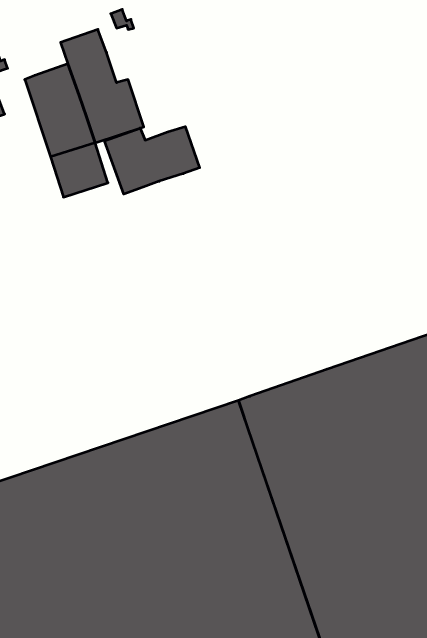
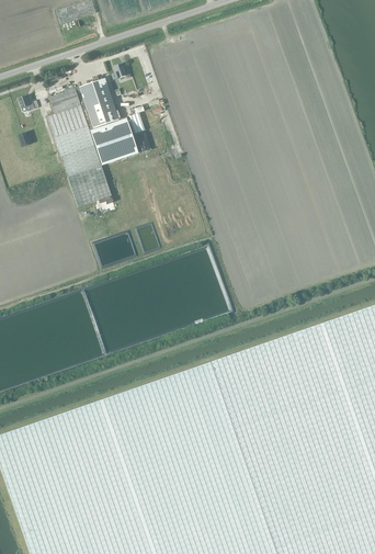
building: none -> [49,89,80,114]
building: [105,127,200,194] -> none

